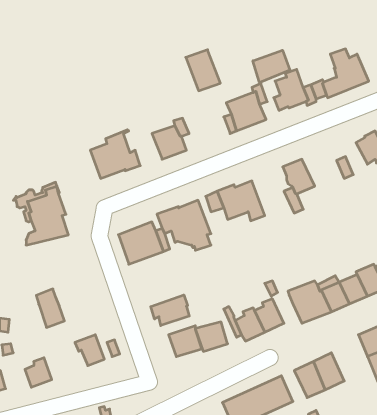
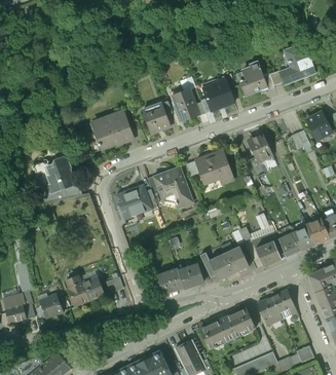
building: [186,50,220,91] -> [172,88,199,121]
building: [253,50,290,83] -> none
building: [36,289,64,327] -> [66,274,88,305]
building: [151,295,189,326] -> none

